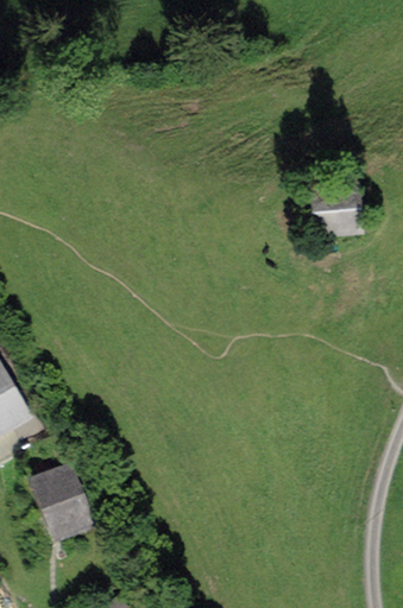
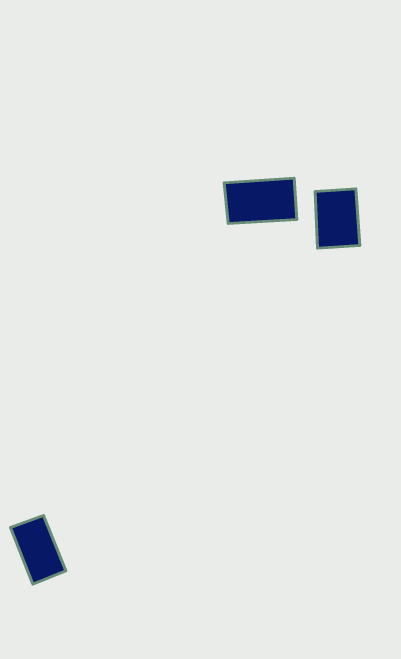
building: none -> [224,178,297,224]

